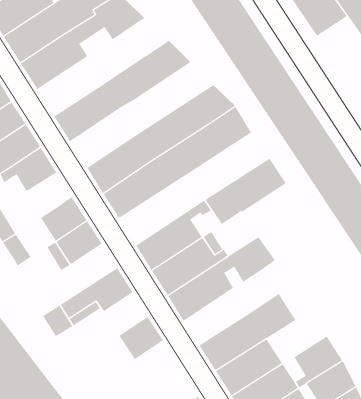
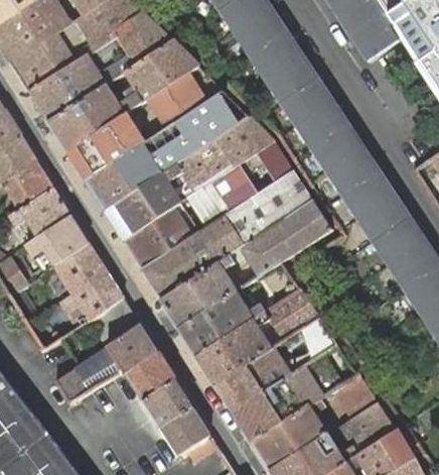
building: none -> [50,41,200,153]
building: none -> [88,92,251,212]
building: none -> [145,171,314,299]
building: none -> [26,217,91,266]
building: none -> [216,317,339,413]
building: none -> [126,353,176,402]
building: none -> [332,374,380,421]
building: none -> [161,407,211,456]

